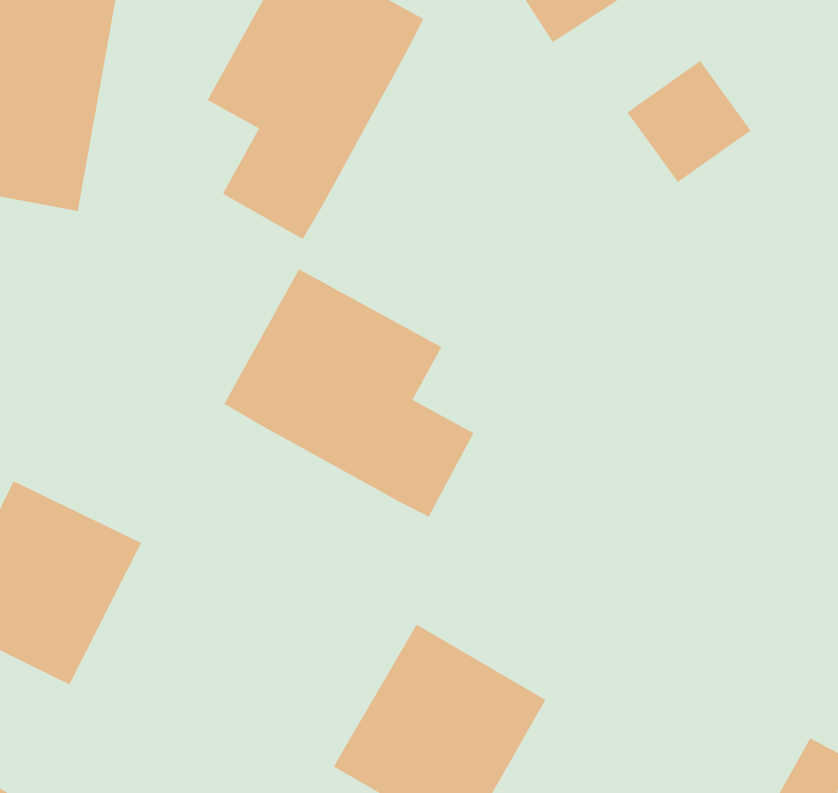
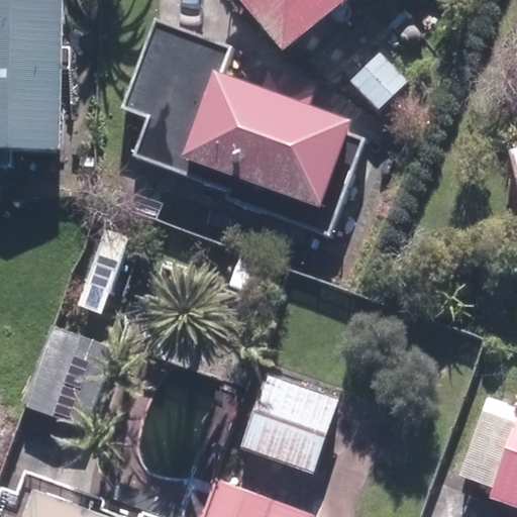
building: none -> [186,69,357,210]
building: [224,268,474,517] -> none

